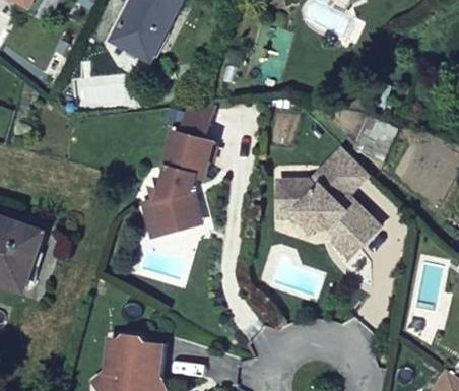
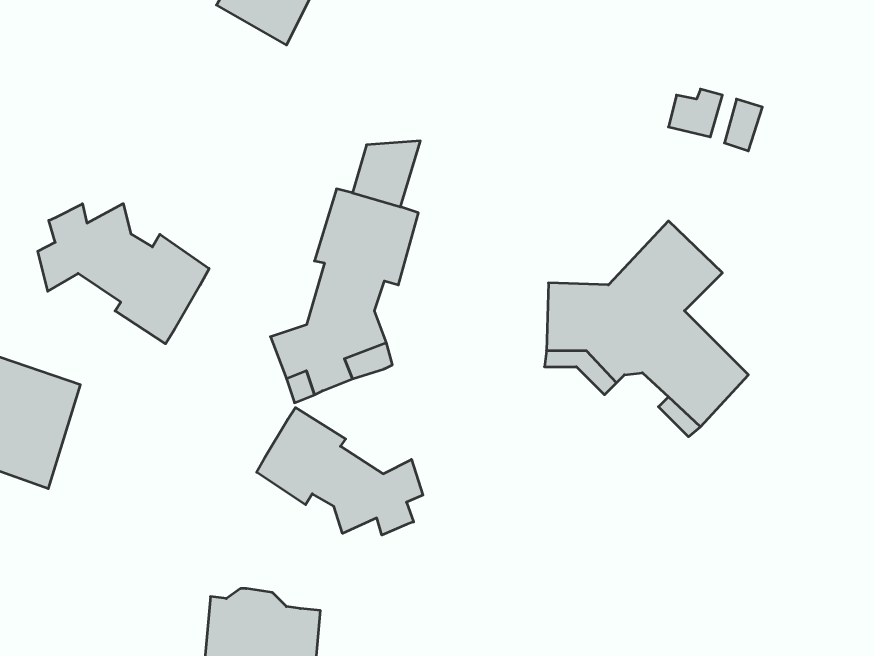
building: none -> [38,204,209,344]
building: none -> [257,408,423,535]

